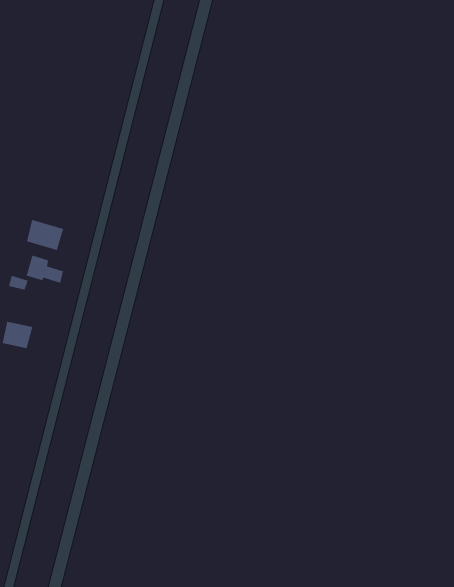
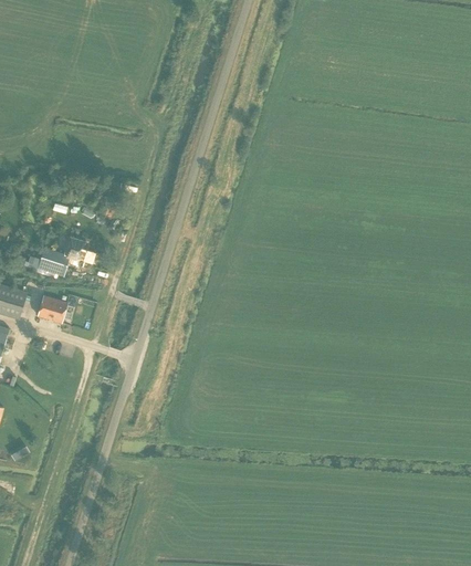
building: [26,219,64,251] -> none

